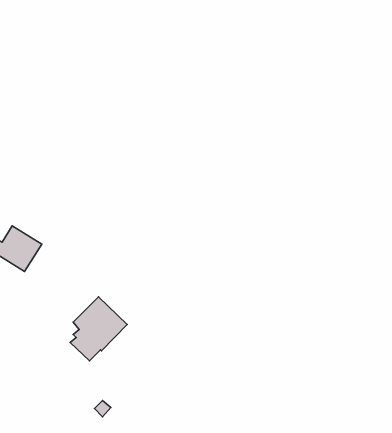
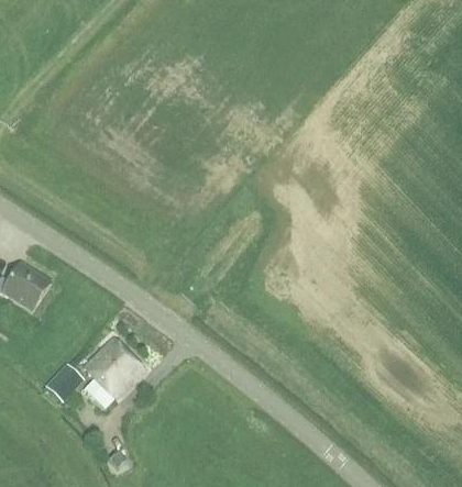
building: none -> [46,364,81,399]

